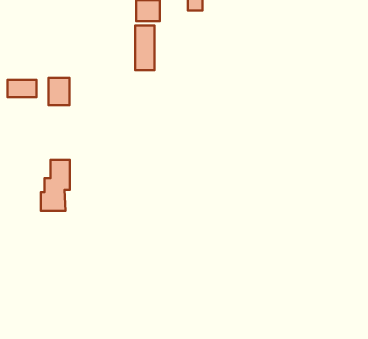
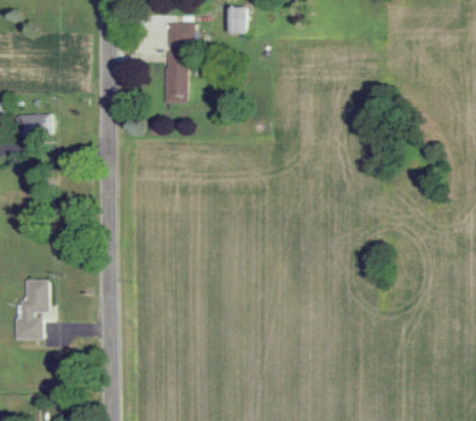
building: [49,78,69,105] -> none
building: [41,160,70,211] -> [16,280,49,339]

